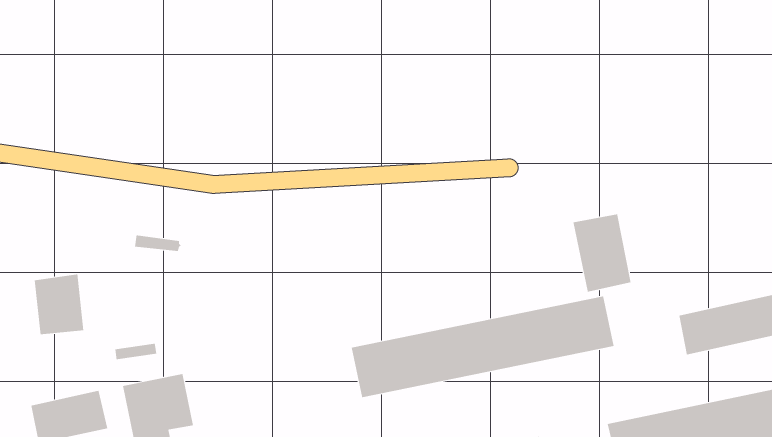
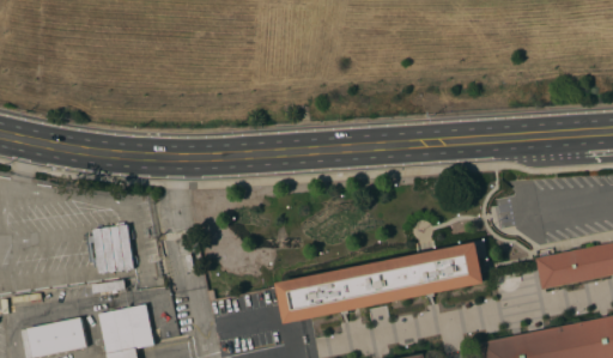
building: [573,214,631,293] -> none
building: [34,274,84,335] -> [93,224,133,272]

